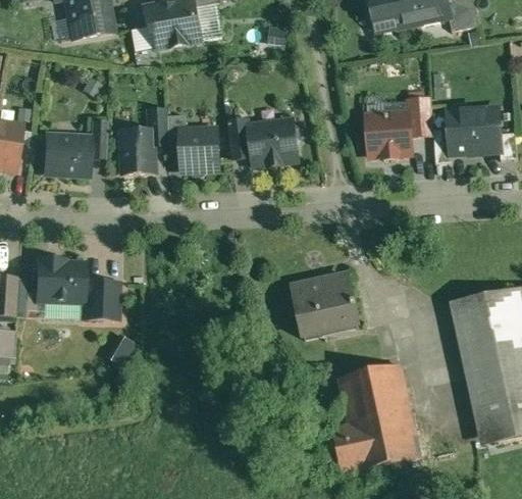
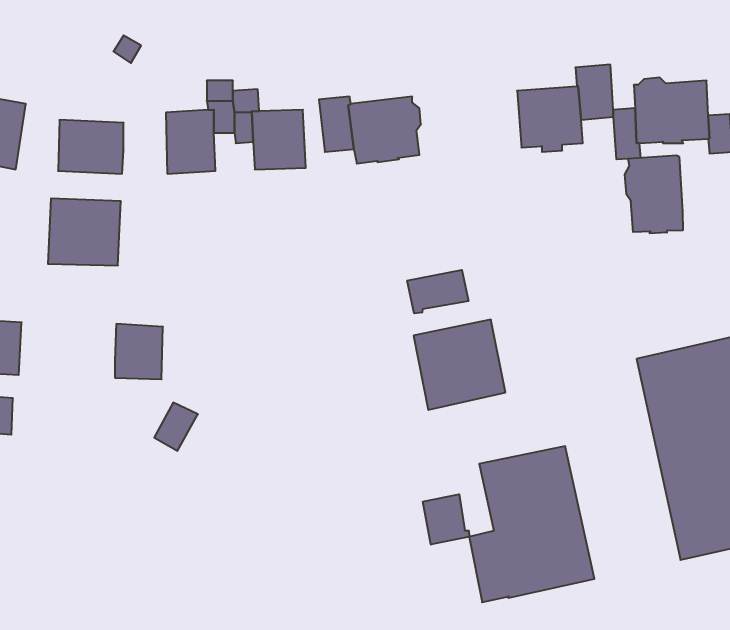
building: [91,120,108,157] -> none
building: none -> [625,155,683,233]
building: none -> [407,270,468,313]
building: [36,257,87,304] -> [48,198,121,265]
building: none -> [423,494,469,545]

